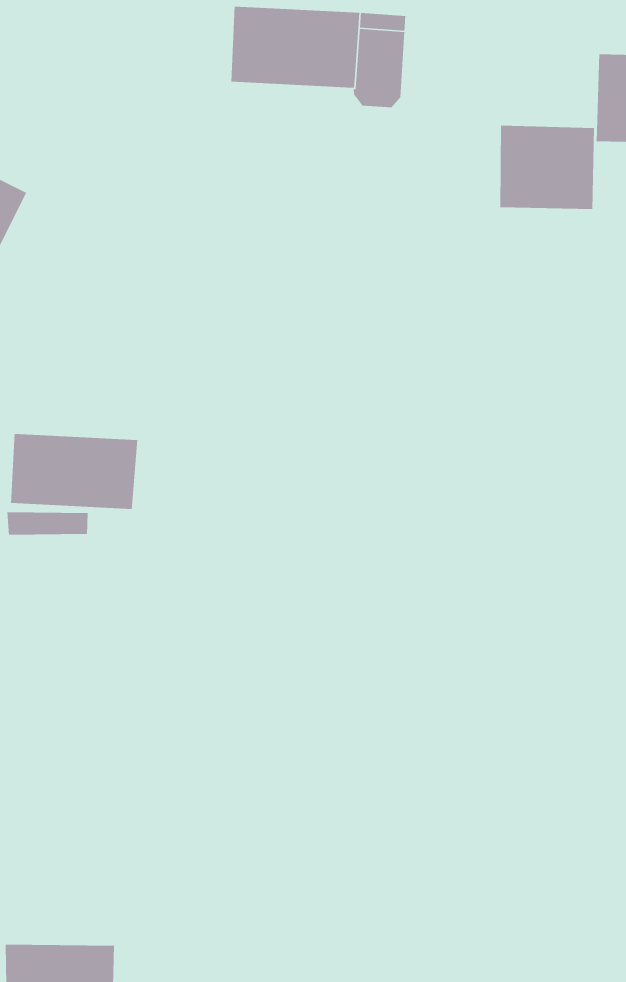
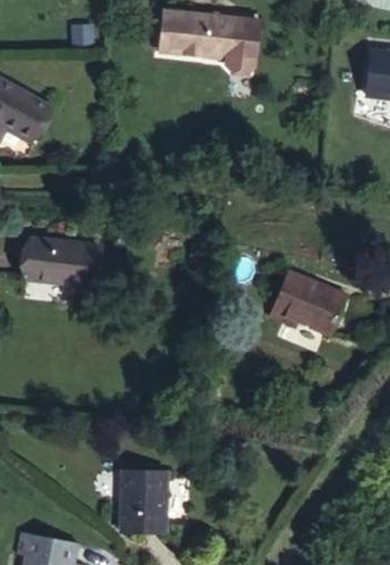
building: [500,125,595,210] -> none
building: none -> [272,273,346,334]
building: none -> [117,465,162,525]

